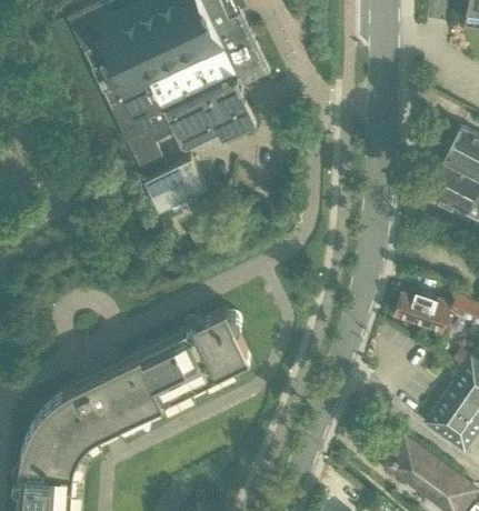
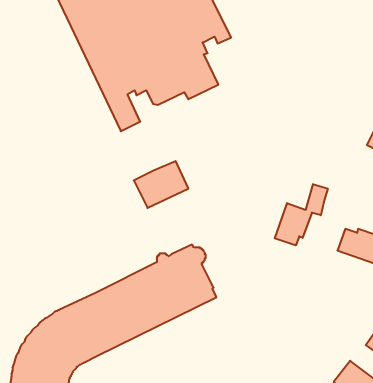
building: [146,157,208,210] -> [134,161,188,208]
building: none -> [275,184,328,245]

